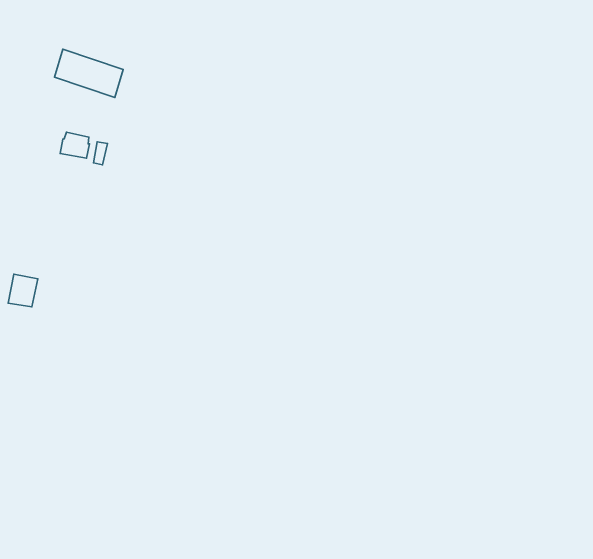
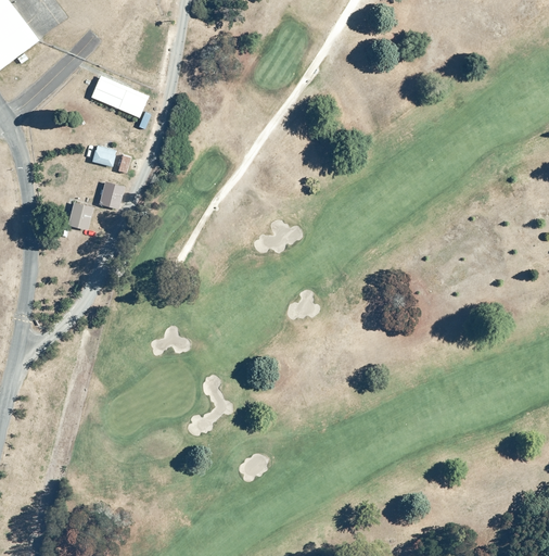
building: none -> [99,180,125,208]
building: [8,274,38,307] -> [67,201,93,229]

